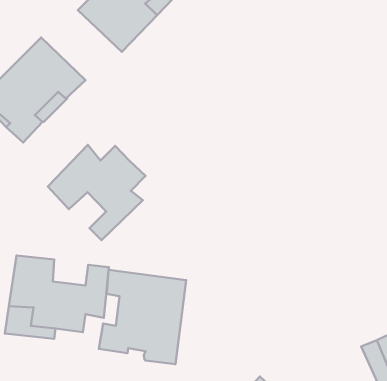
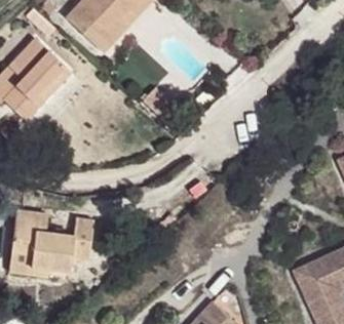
building: [48,145,145,240] -> none
building: [99,270,186,364] -> none

